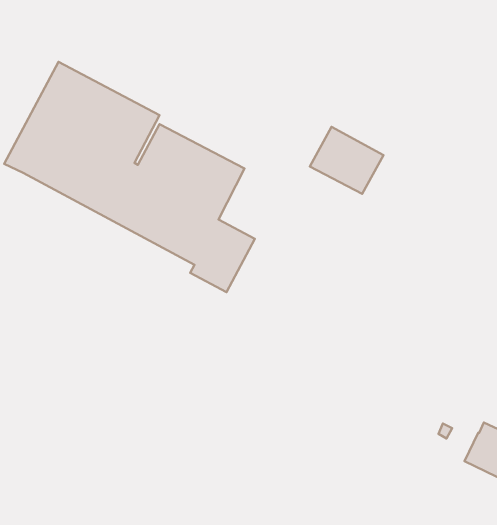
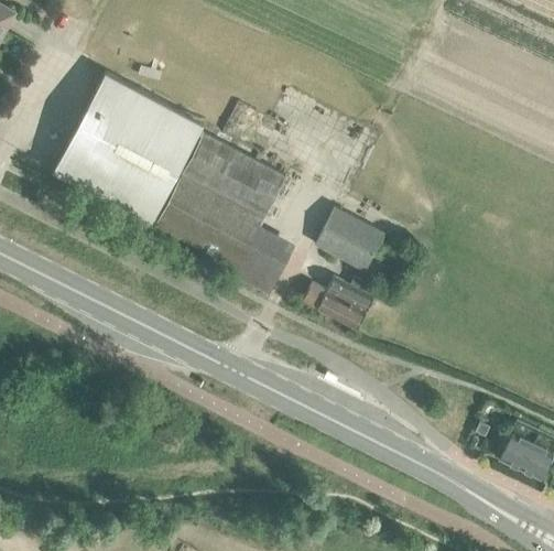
building: [310,127,384,194] -> [314,207,385,272]
building: none -> [303,278,376,331]

